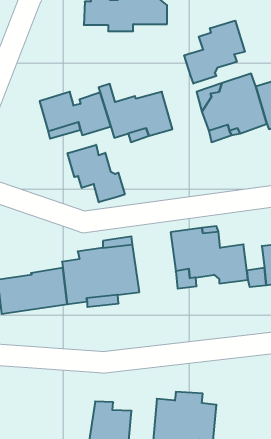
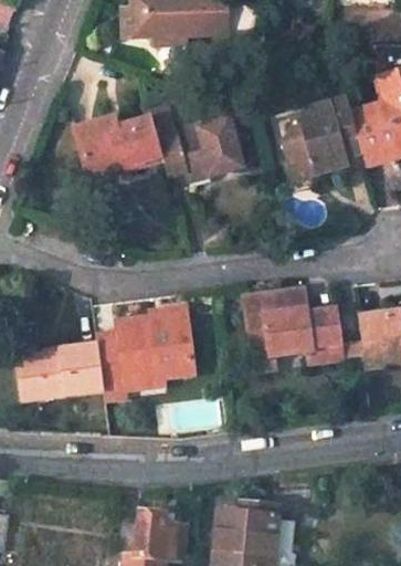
building: [184,21,245,84] -> none
building: [68,145,125,202] -> none

